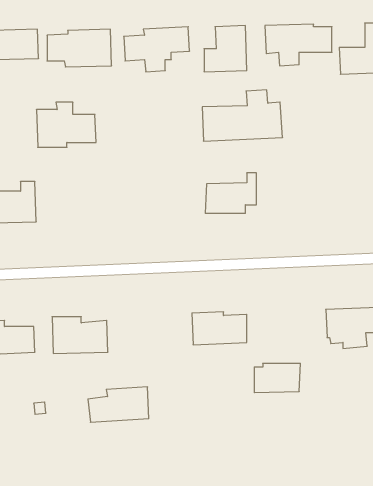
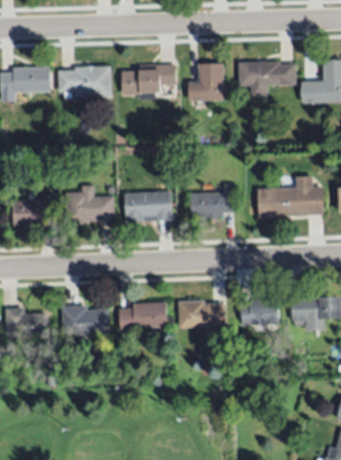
building: [202,90,283,141] -> [258,175,325,218]
building: [36,102,96,147] -> [64,186,114,224]
building: none -> [125,193,172,222]
building: [254,363,300,393] -> [242,300,280,324]
building: [88,387,149,422] -> [117,301,167,330]

